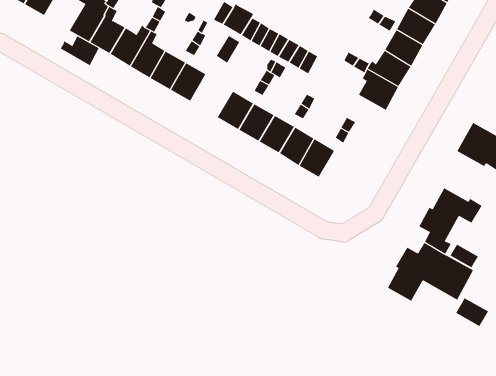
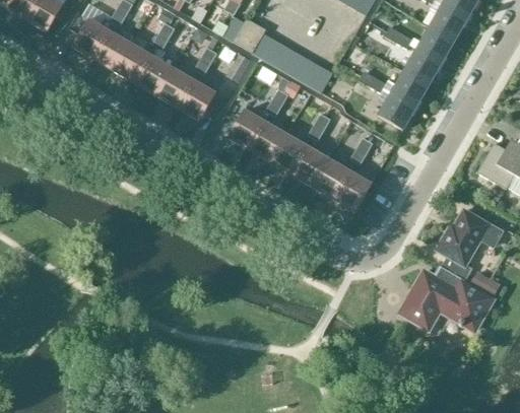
building: [60,35,100,66] -> none
building: none -> [334,173,372,212]
building: [455,298,489,327] -> none

